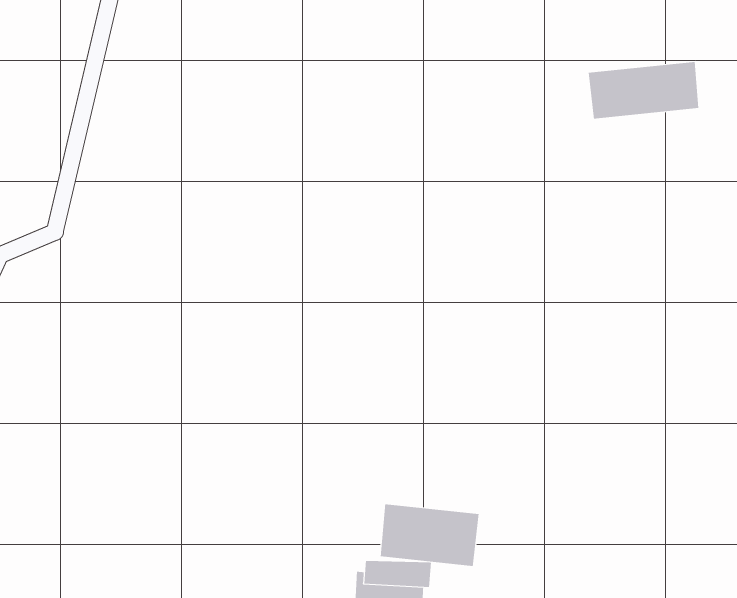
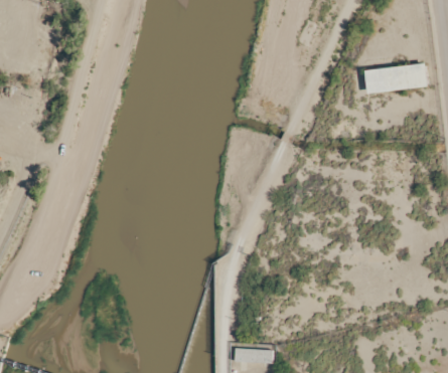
building: [380,504,479,567] -> none

